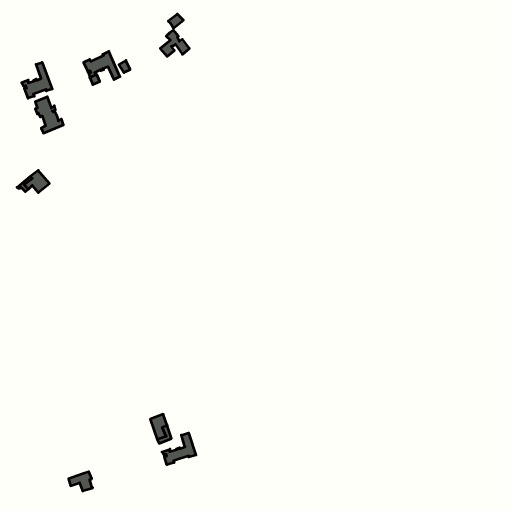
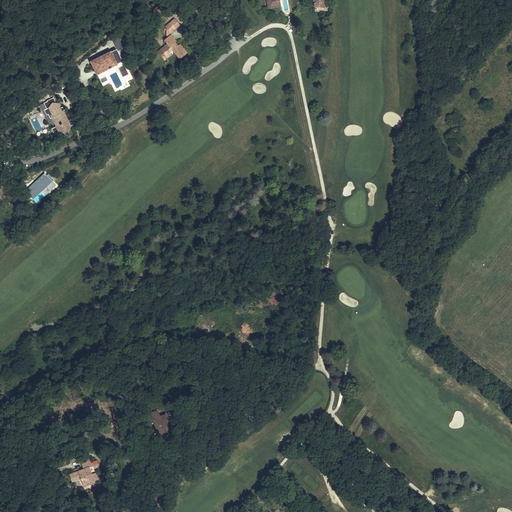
building: [22,62,52,98] -> none
building: [162,433,196,465] -> none

